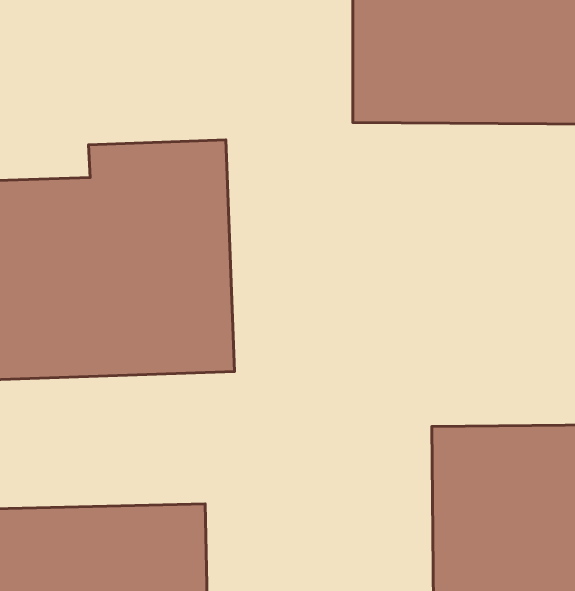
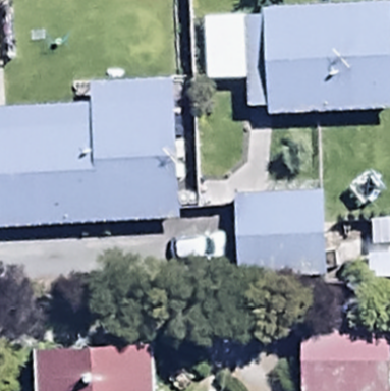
building: none -> [233,163,326,255]

